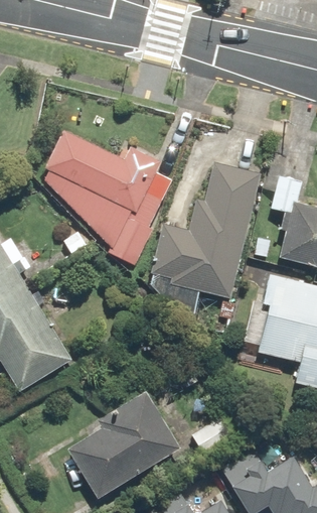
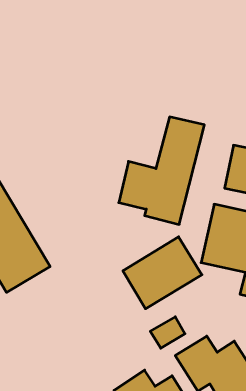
building: [43,133,159,263] -> none
building: [76,403,175,493] -> [123,237,202,309]

